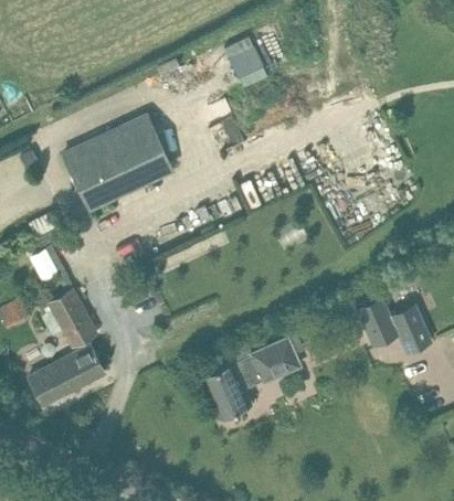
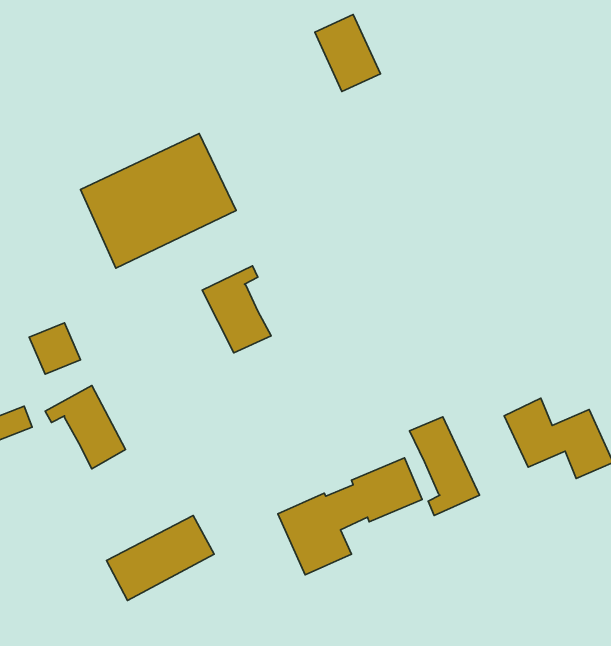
building: none -> [202,266,271,353]
building: none -> [409,417,479,515]
building: [29,347,103,405] -> [107,515,214,601]

